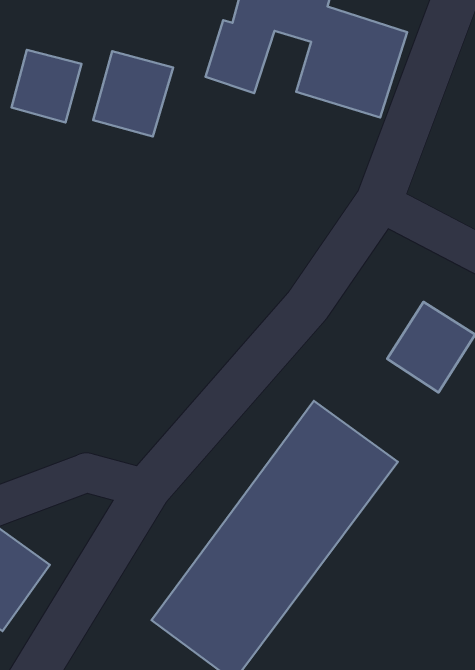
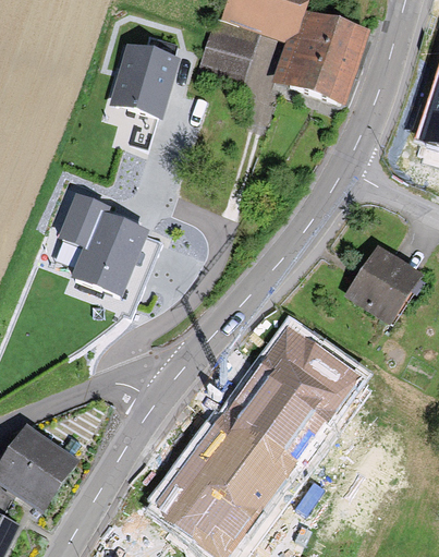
building: [12,50,82,122] -> none
building: none -> [61,194,148,291]

